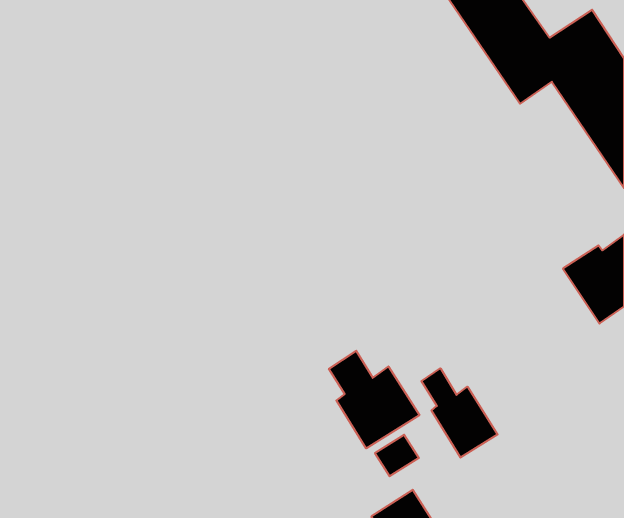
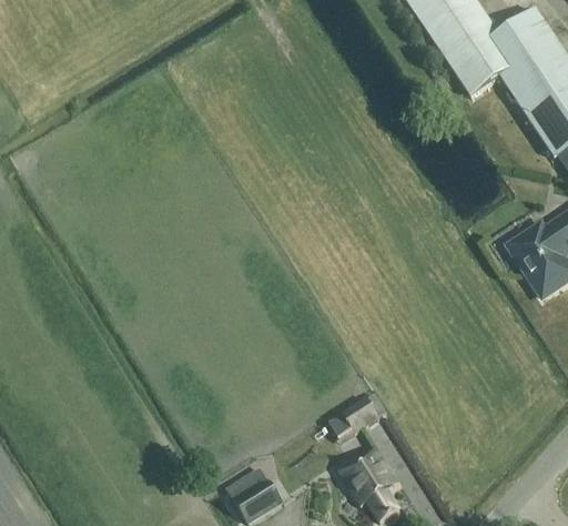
building: [329,351,419,448] -> none
building: [421,368,498,458] -> none

